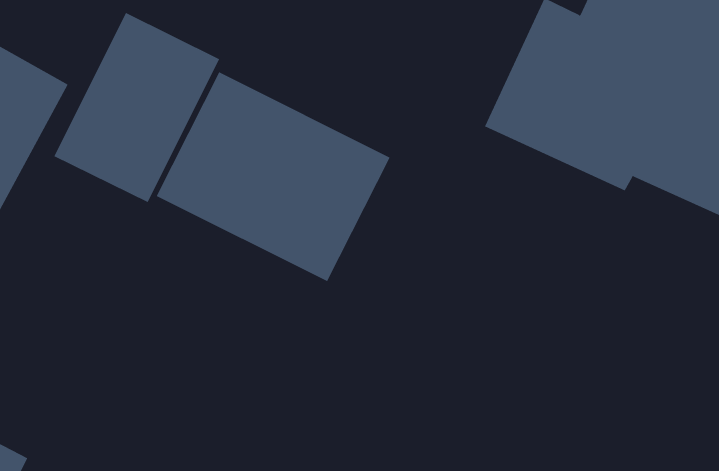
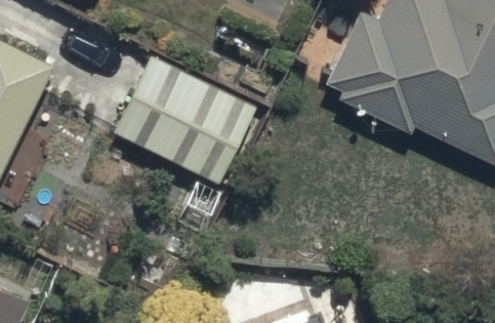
building: [54,12,220,203] -> none

